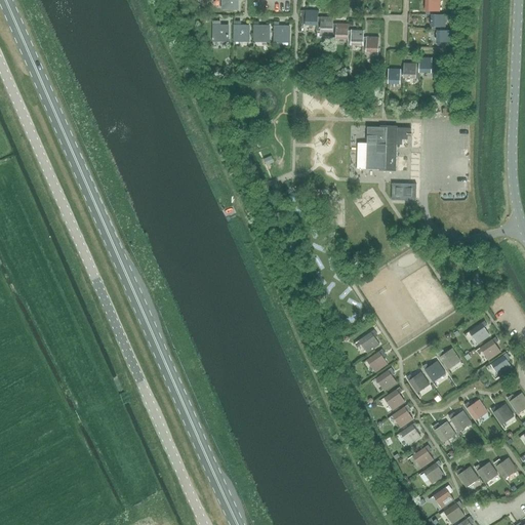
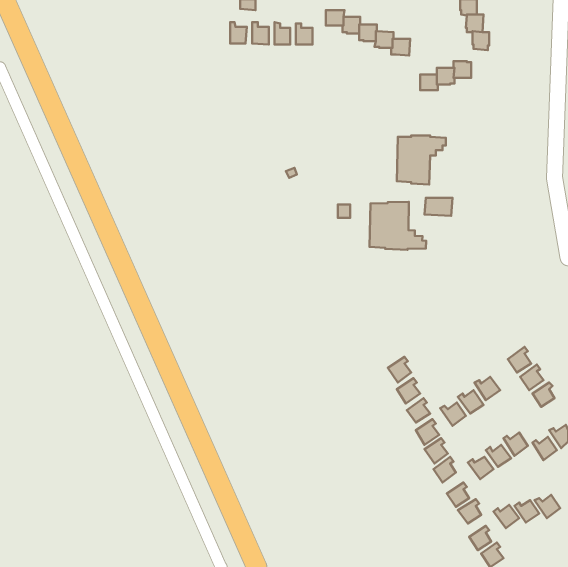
building: none -> [369,202,426,250]

